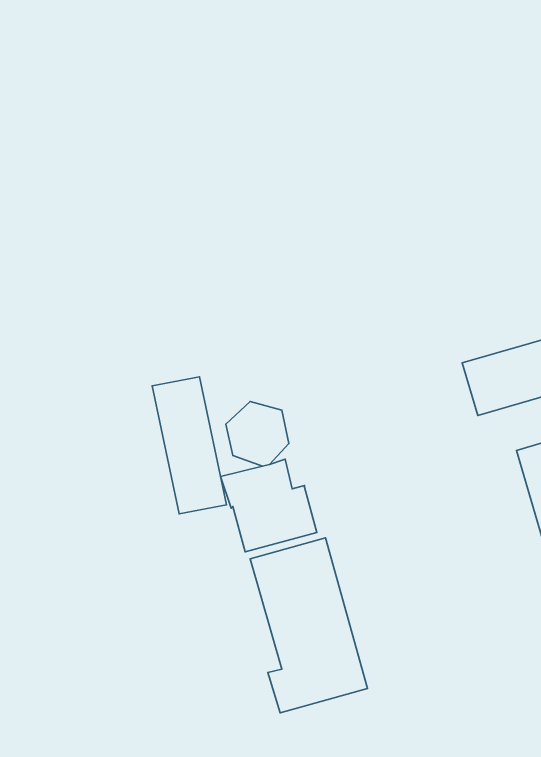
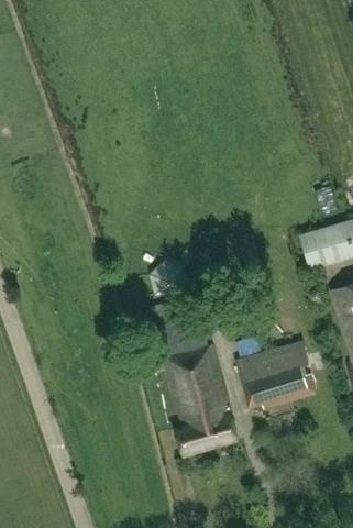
building: [152,377,226,514] -> none
building: none -> [234,334,317,408]

